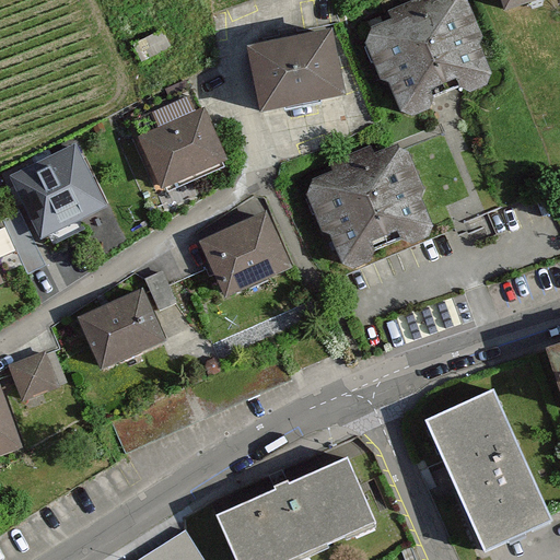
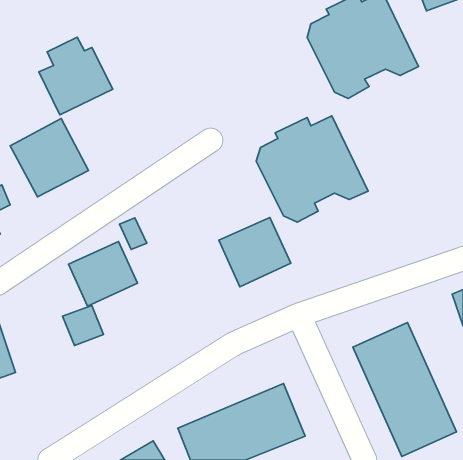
building: [253,33,347,113] -> none
building: [140,95,229,188] -> [39,37,113,115]
building: [202,213,289,296] -> [219,218,291,287]
building: [8,350,57,398] -> [63,305,104,345]

